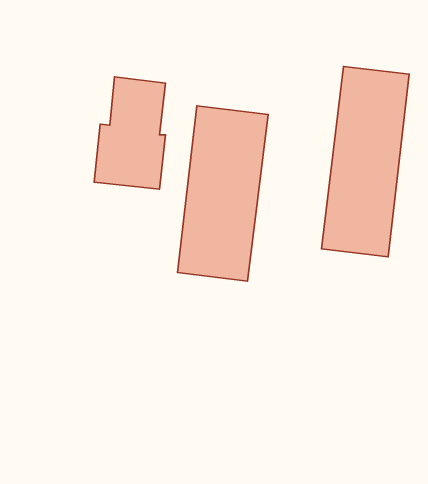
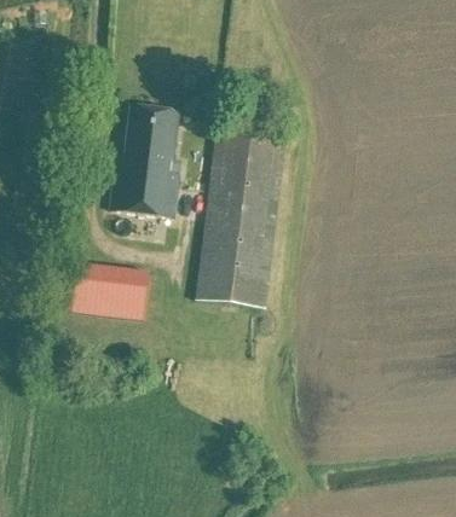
building: [322,67,409,257] -> none

